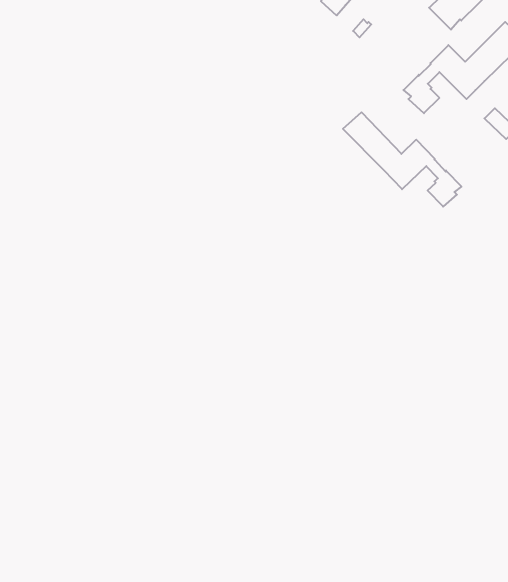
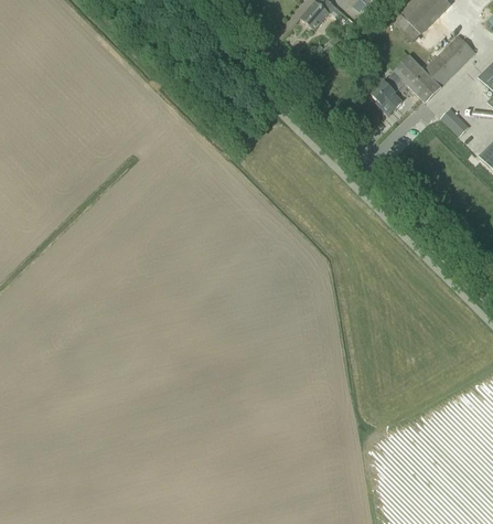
building: [343,112,461,207] -> none

